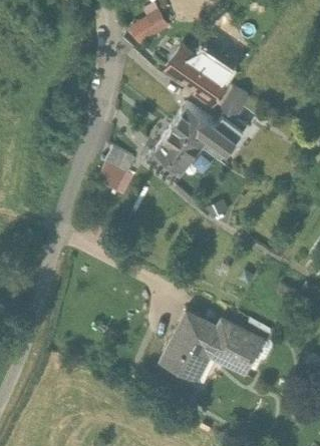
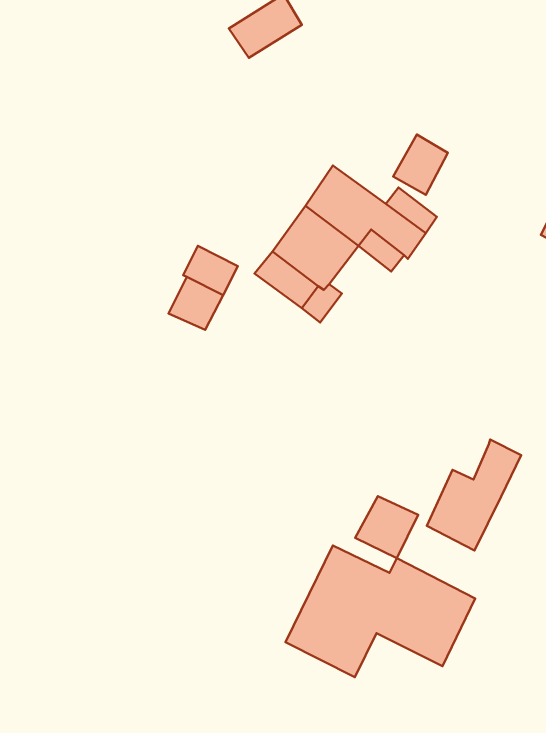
building: [167,40,232,106] -> none
building: none -> [427,440,521,551]
building: none -> [355,496,418,558]

